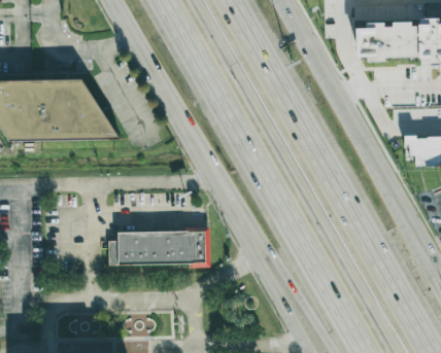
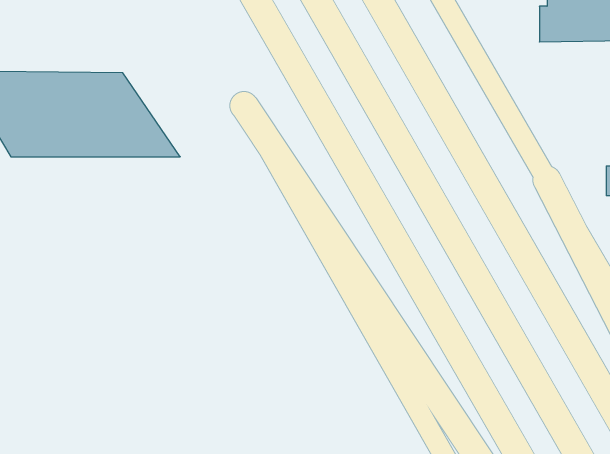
building: [106,232,206,264] -> none

